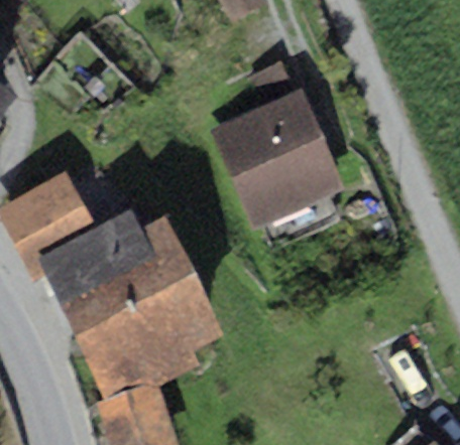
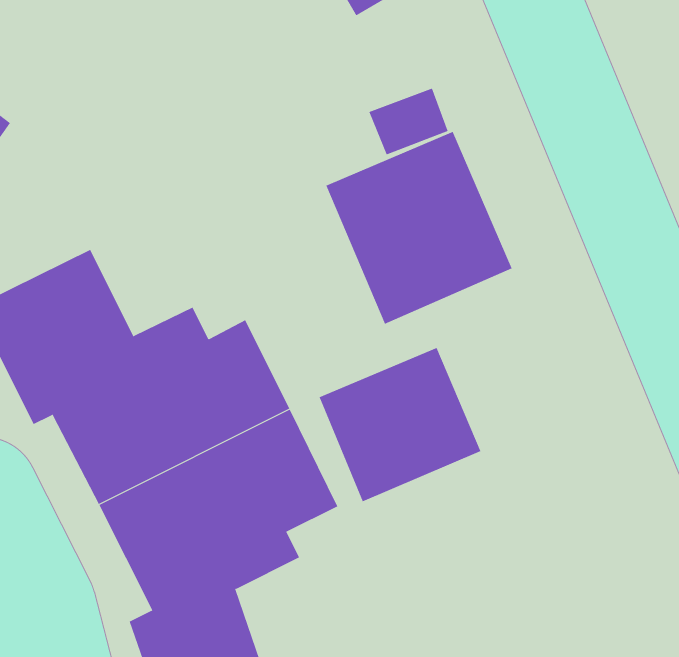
building: none -> [319,347,481,502]

